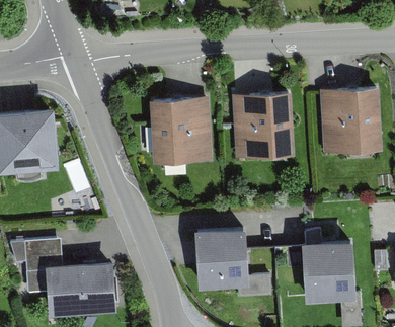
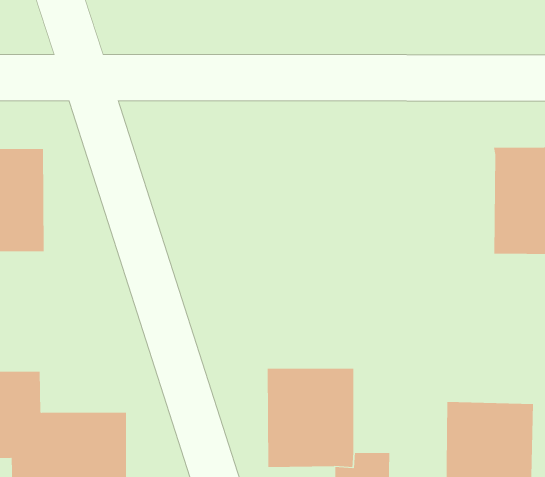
building: [231,90,294,158] -> none
building: [149,97,212,164] -> none

